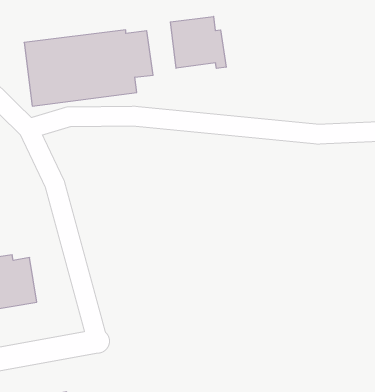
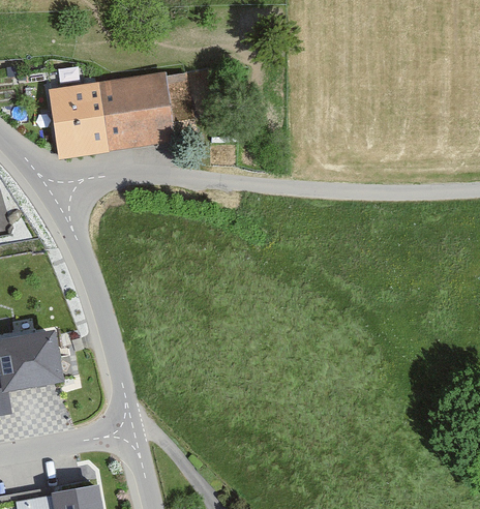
building: [170,16,226,68] -> none

